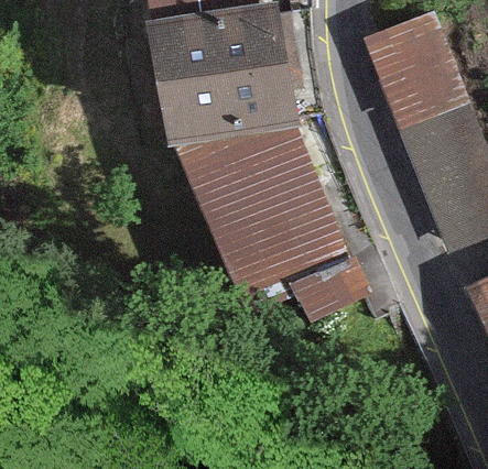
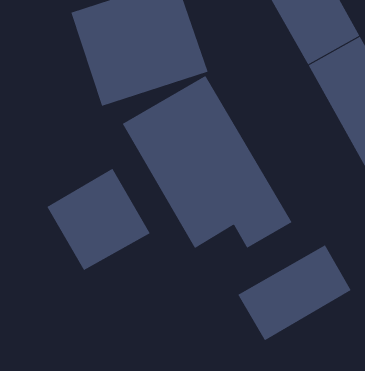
building: none -> [46,168,151,271]
building: none -> [238,244,352,341]

